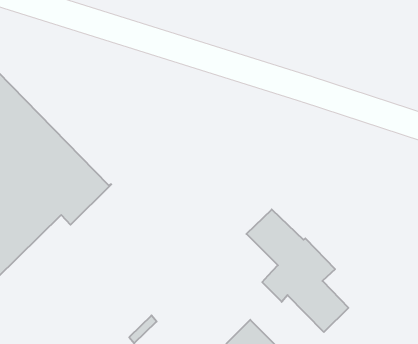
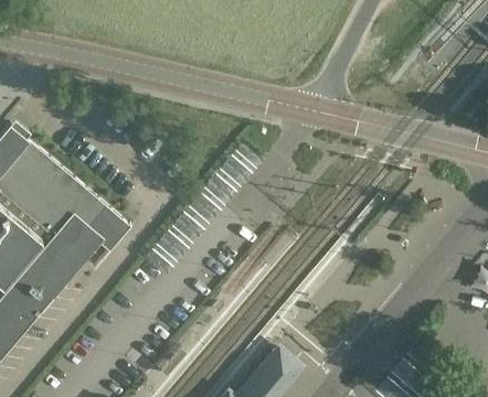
building: [246,209,348,332] -> none

